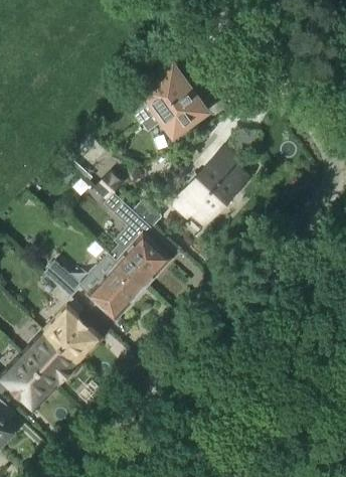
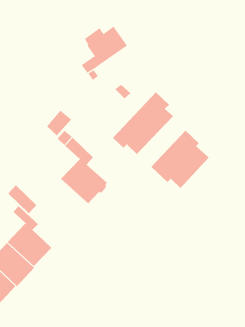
building: [159,91,208,137] -> none
building: none -> [151,130,210,189]
building: [91,254,144,316] -> none

